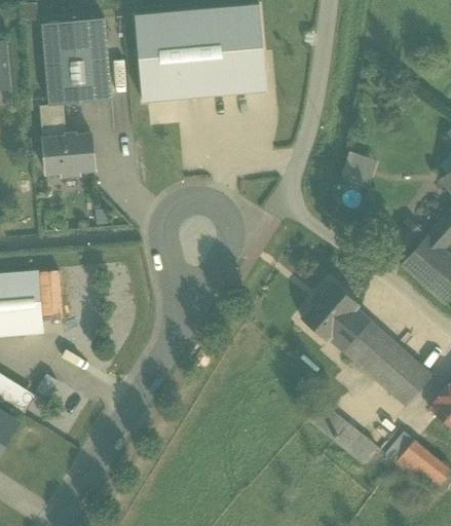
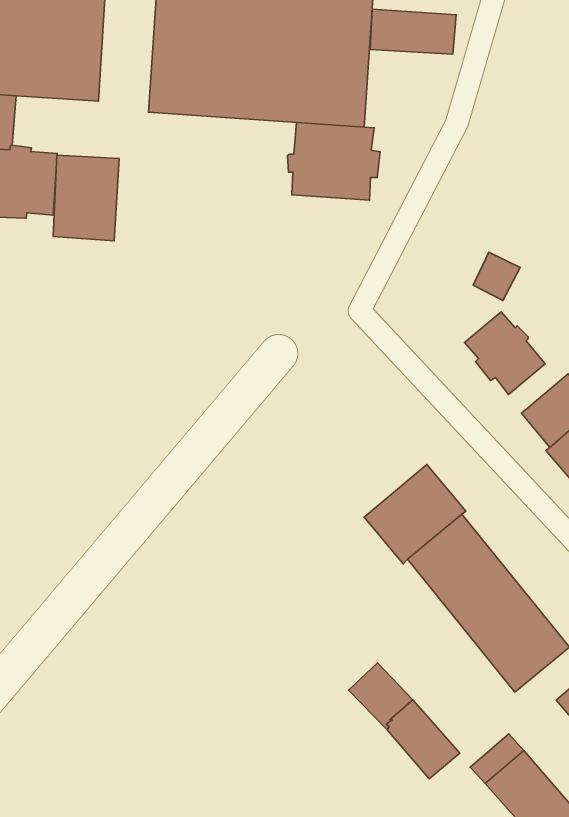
building: none -> [370,9,456,54]
building: none -> [287,122,380,200]
building: none -> [53,155,119,241]
building: none -> [465,312,545,395]

